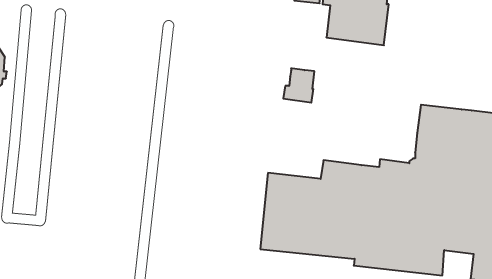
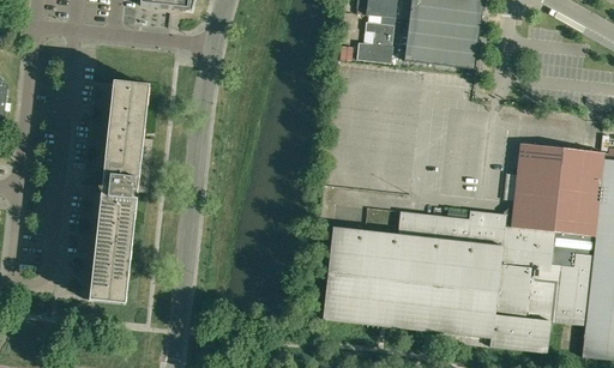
building: none -> [84,83,152,303]
building: [283,68,314,103] -> [356,22,395,64]

